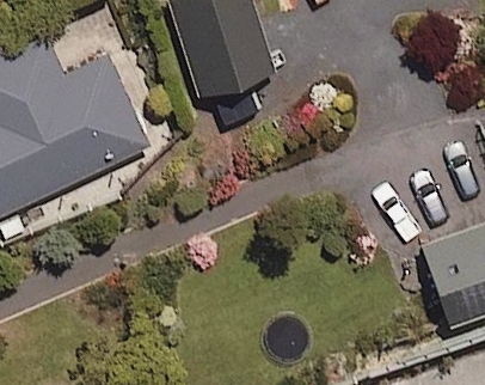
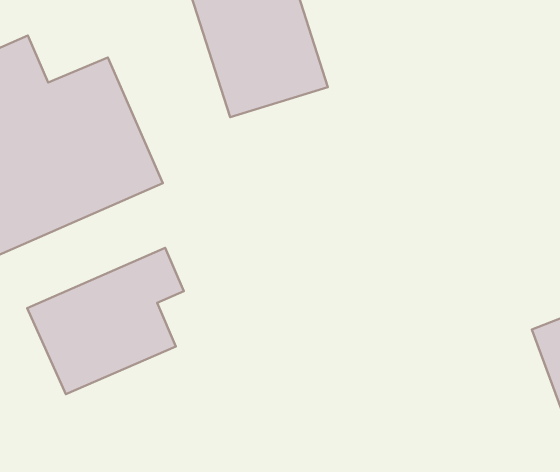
building: none -> [27,248,184,394]

